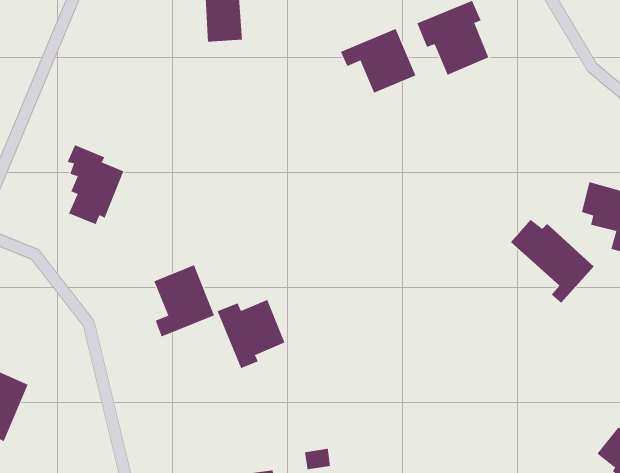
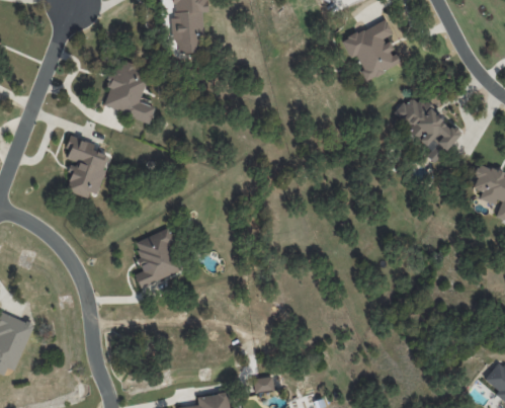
building: [340,28,416,94] -> none
building: none -> [104,59,156,124]
building: [510,219,594,303] -> [394,96,460,163]
building: [217,299,285,369] -> none

